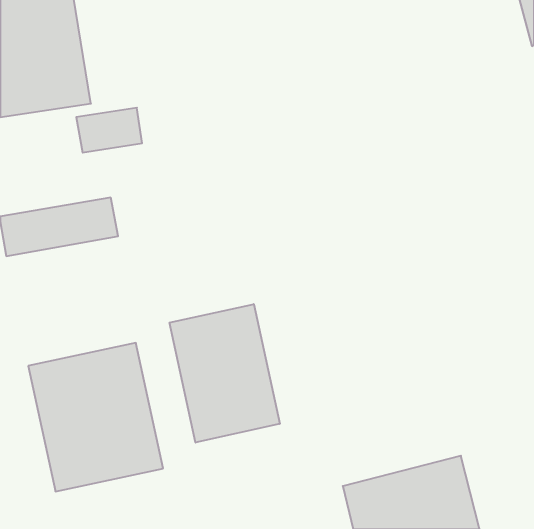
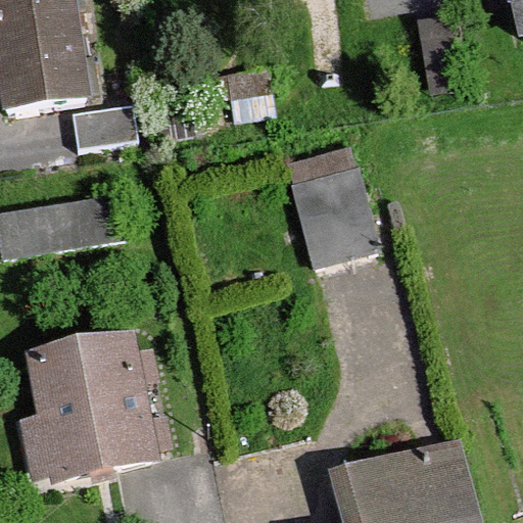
building: none -> [297,168,377,262]
building: [170,304,280,443] -> none

